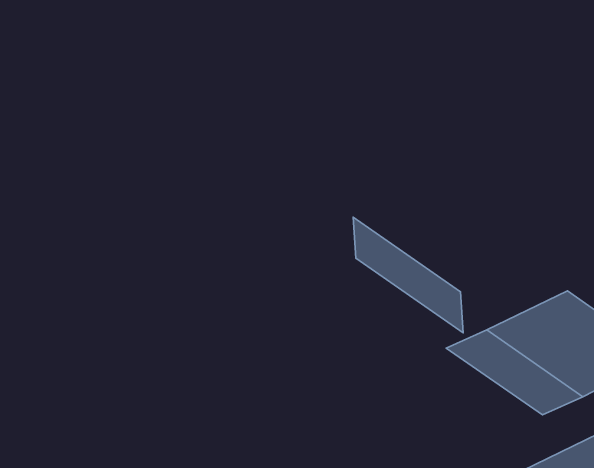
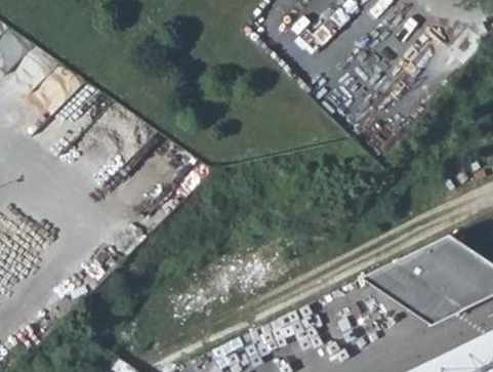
building: [353,217,463,333] -> none

